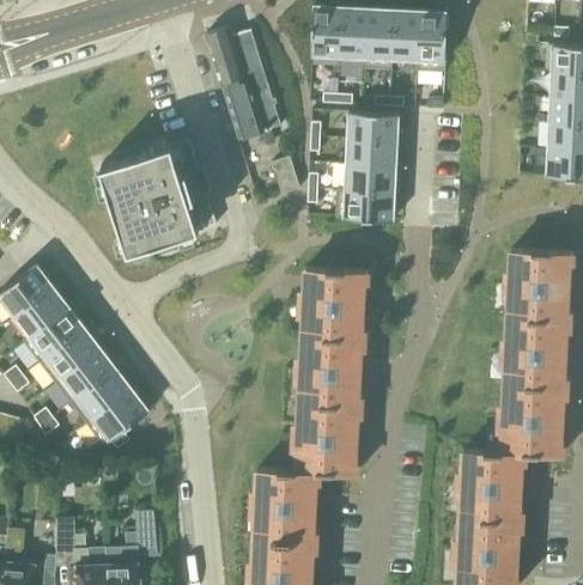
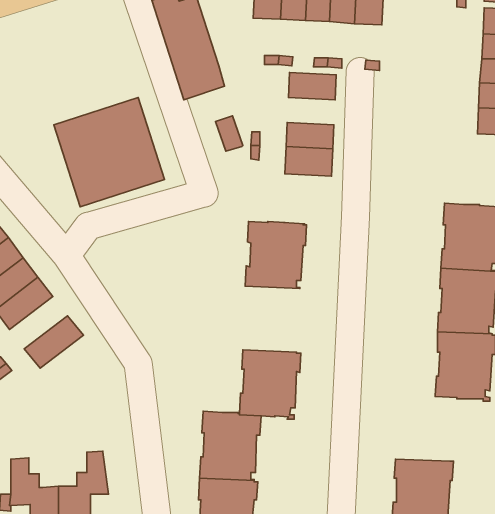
building: [347,139,397,167] -> none
building: [300,337,364,407] -> none
building: [55,348,116,403] -> none
building: [87,389,150,450] -> none
building: [461,451,526,522] -> none

